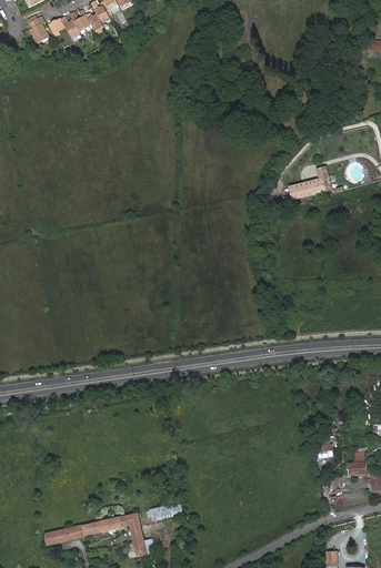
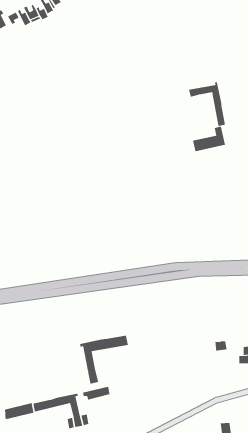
building: none -> [189,82,226,127]
building: none -> [80,335,129,384]

